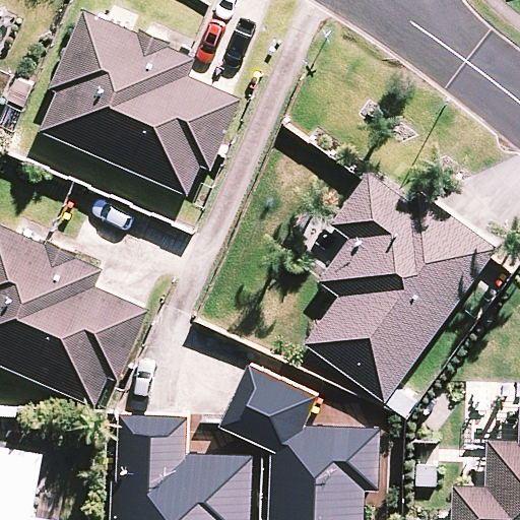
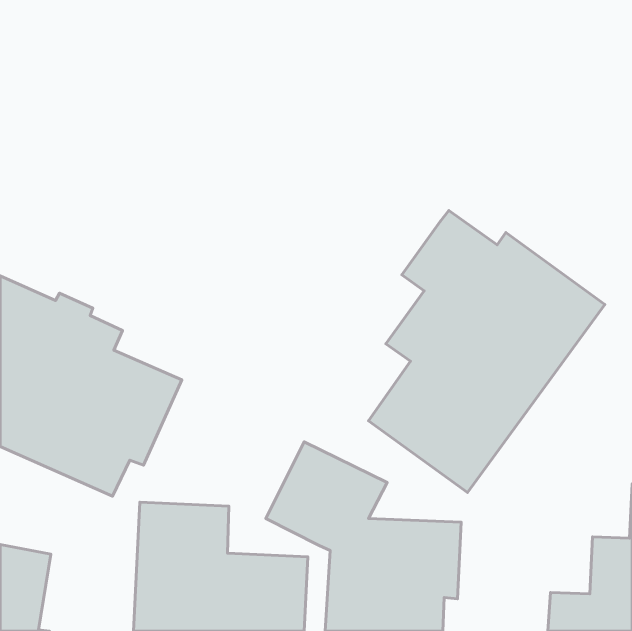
building: [38,12,241,197] -> none

